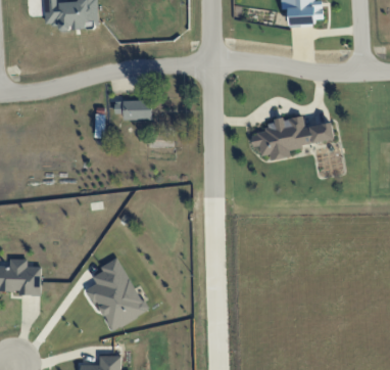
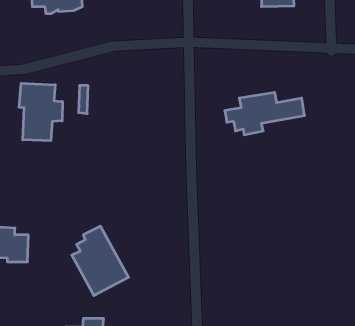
building: [114,100,152,121] -> none
building: none -> [19,83,62,141]

